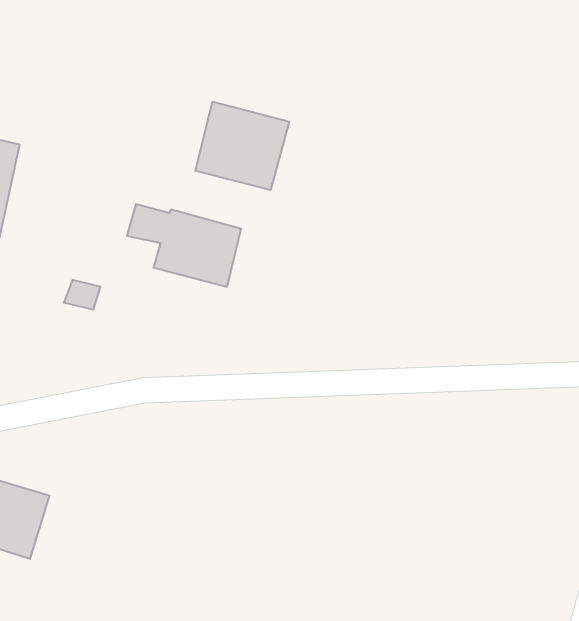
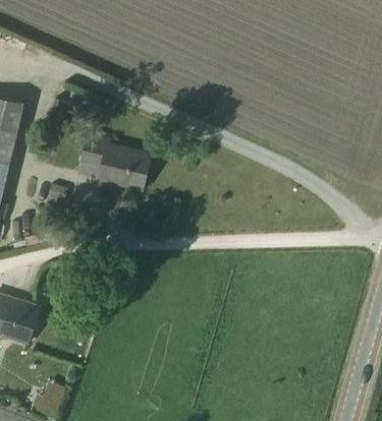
building: [195,102,289,190] -> none

